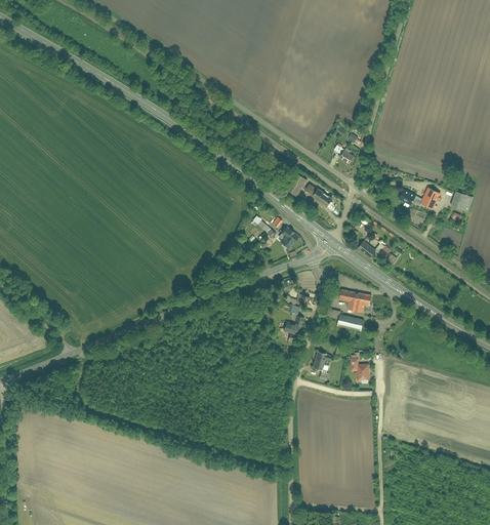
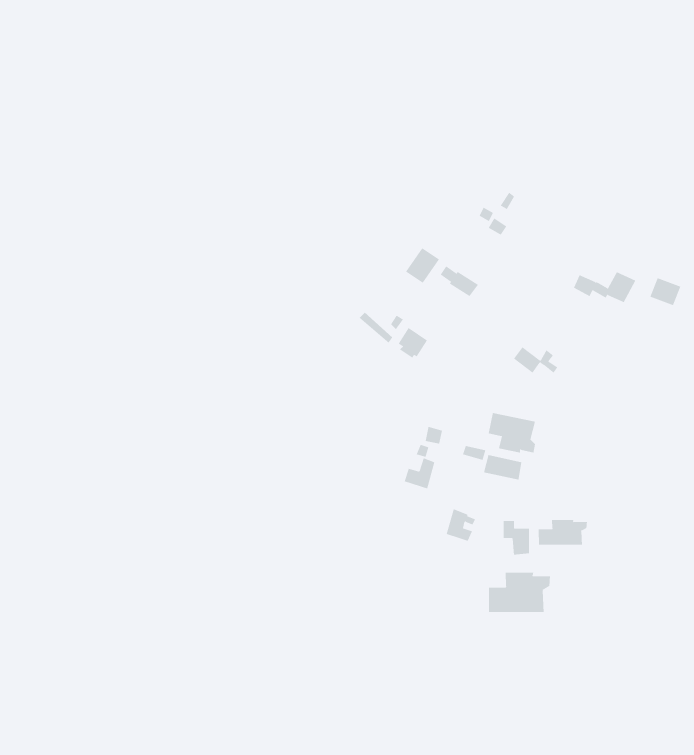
building: none -> [538,519,587,546]
building: none -> [488,572,550,613]

